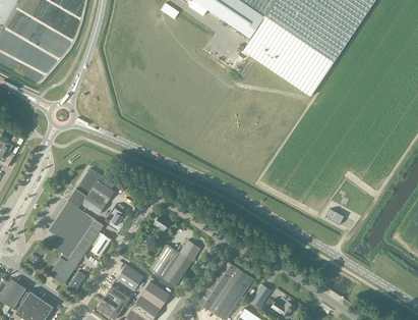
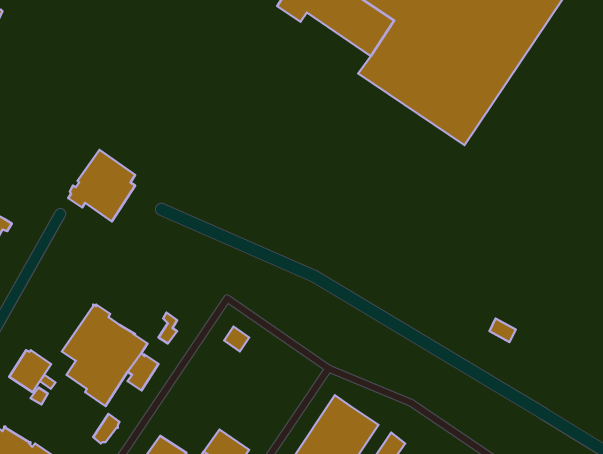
building: [70,168,114,215] -> [68,150,135,222]
building: [150,239,201,286] -> none
building: [49,257,76,284] -> [9,350,51,392]
building: [116,264,143,290] -> none

